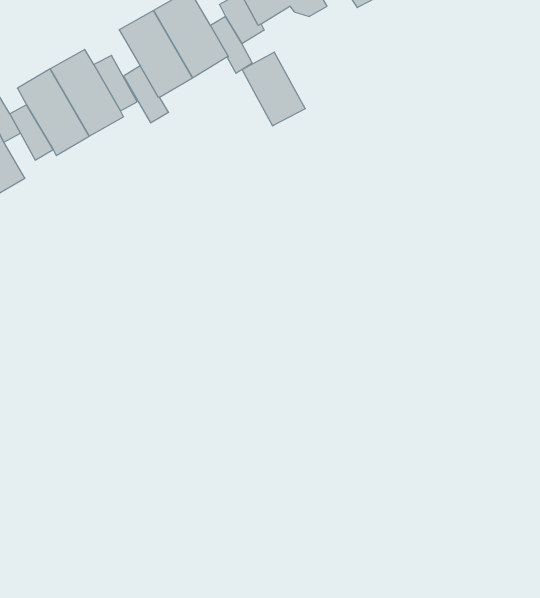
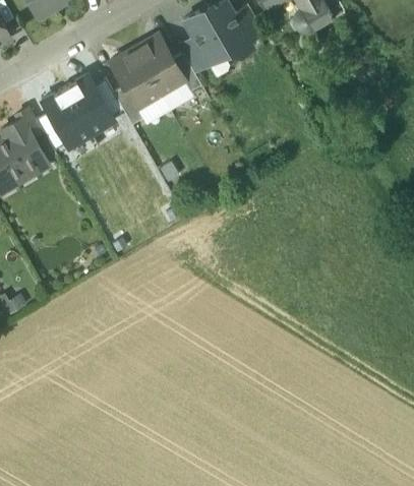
building: [242,52,305,126] -> none

